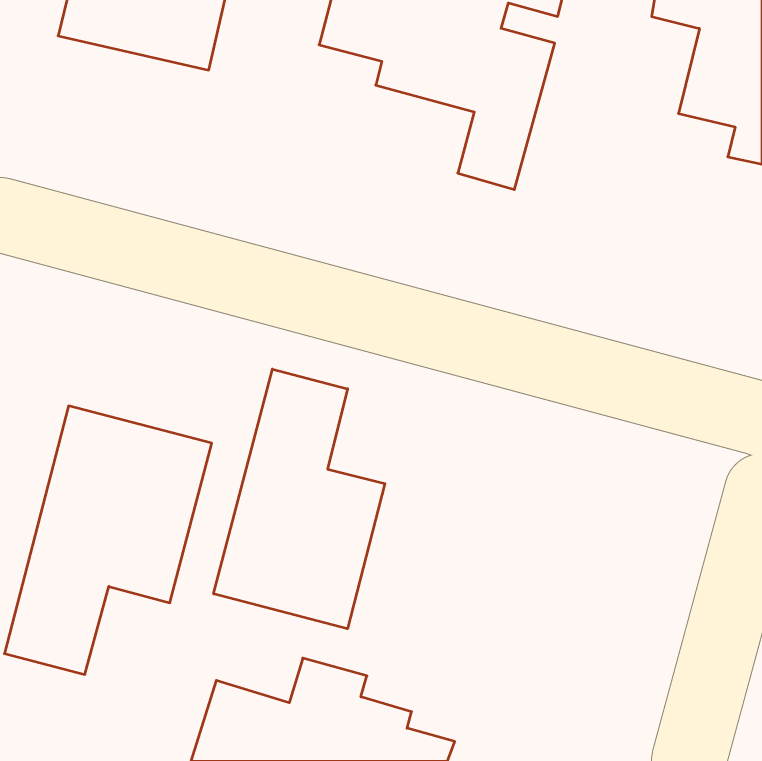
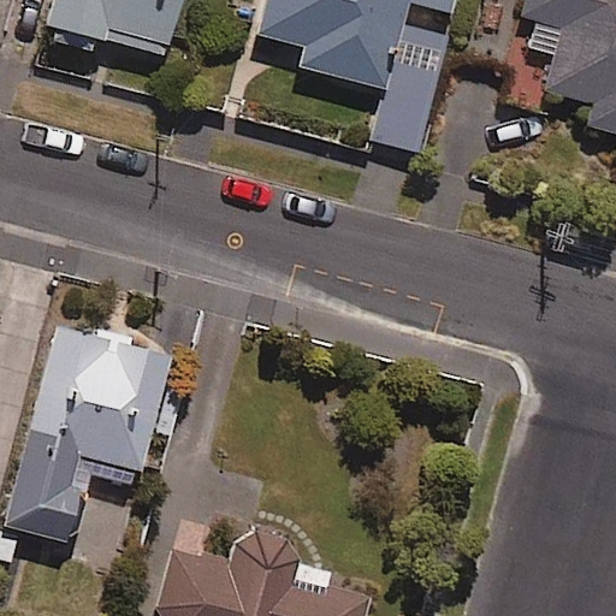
building: [214,369,385,629] -> none

